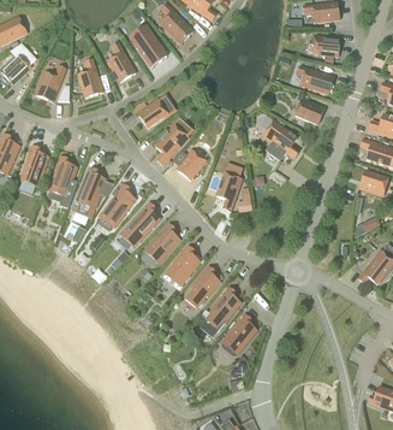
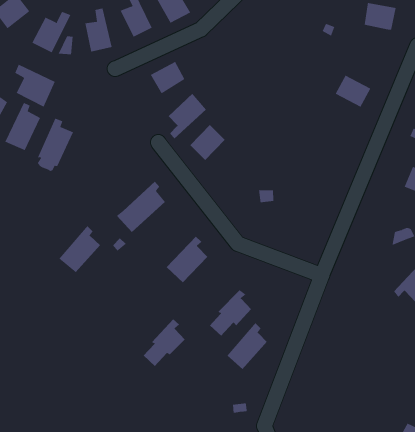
building: [297,65,334,94] -> none
building: none -> [14,64,55,107]
building: [262,120,298,158] -> none
building: [77,167,107,208] -> none
building: [216,172,242,211] -> none
building: [101,183,136,224] -> [58,225,101,273]
building: [144,223,180,263] -> none
building: [185,265,220,307] -> [143,318,186,367]

